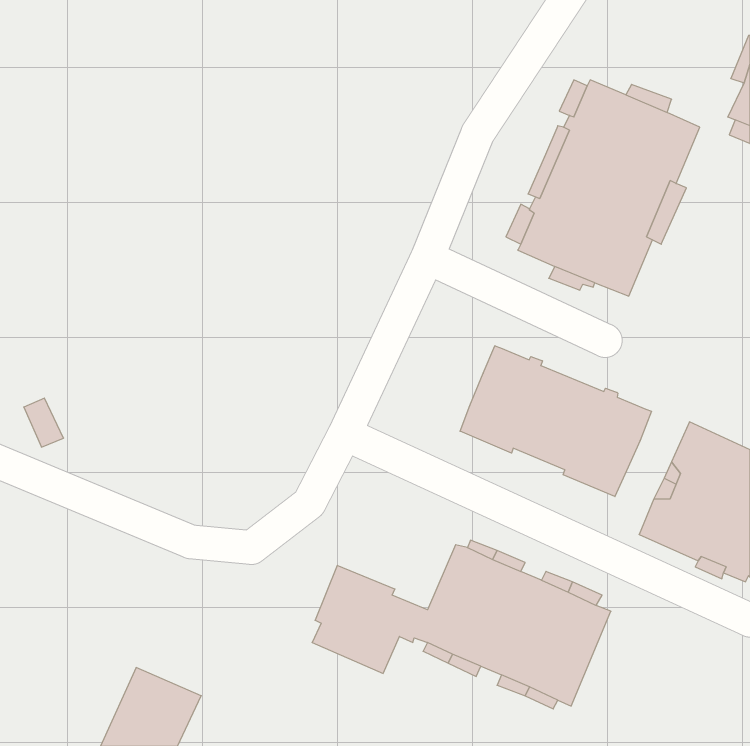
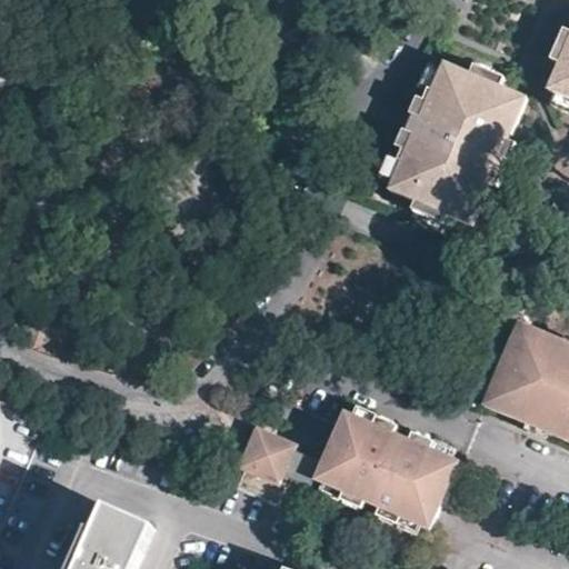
building: [460,346,652,497] -> none

